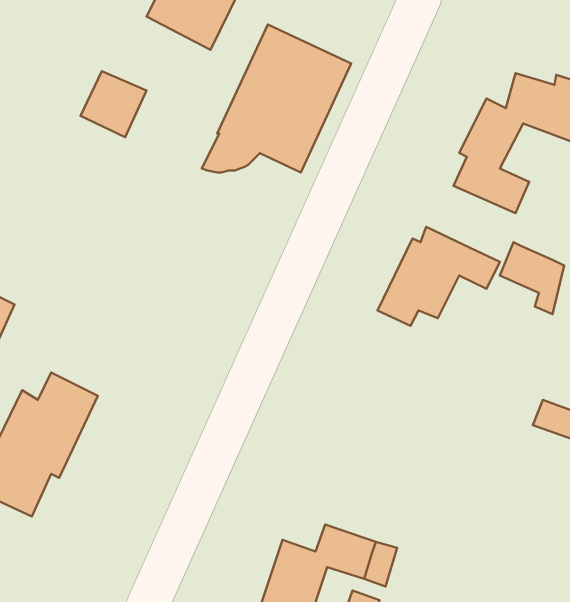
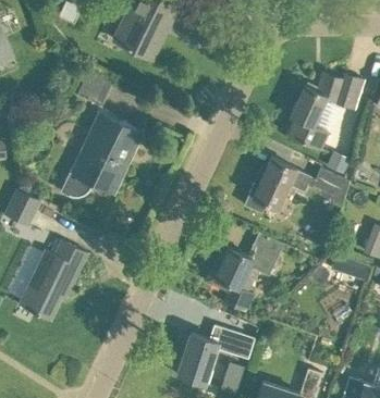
building: [202,25,351,173] -> [60,112,144,195]
building: none -> [205,244,278,311]

